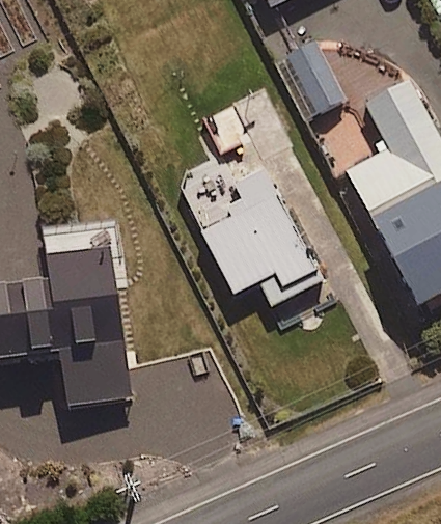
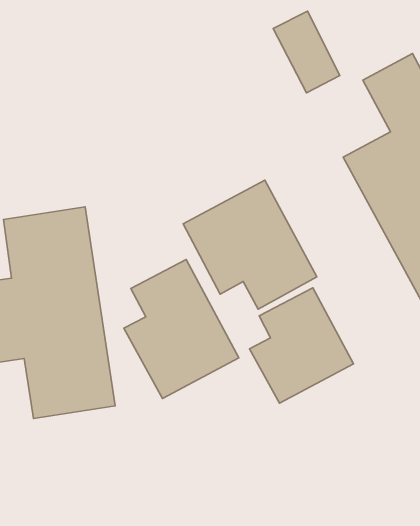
building: none -> [124,260,239,399]
building: none -> [250,288,353,403]

